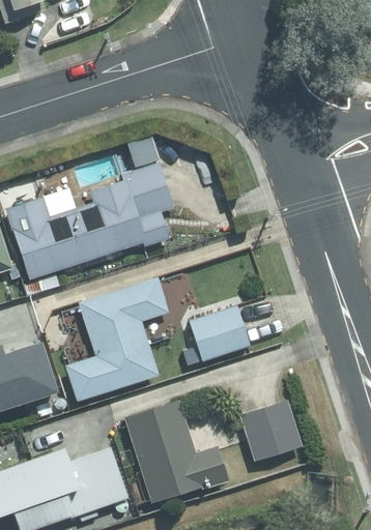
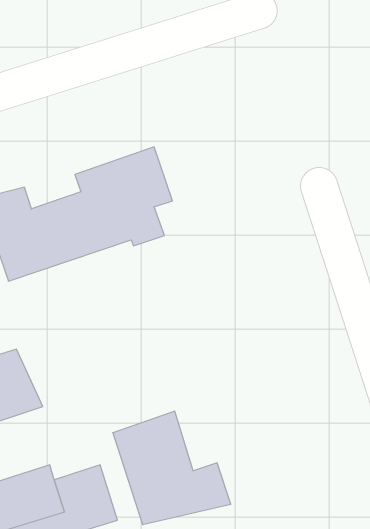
building: [65,276,171,402] -> none
building: [186,302,254,361] -> none
building: [239,400,303,464] -> none

